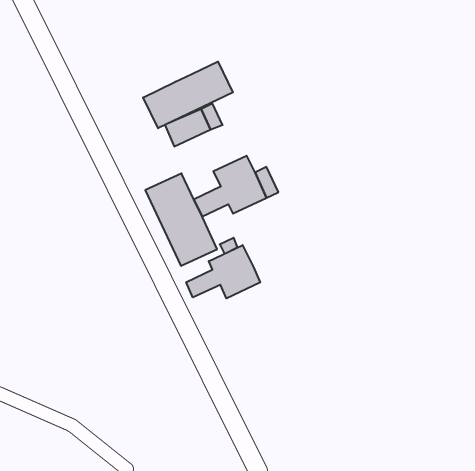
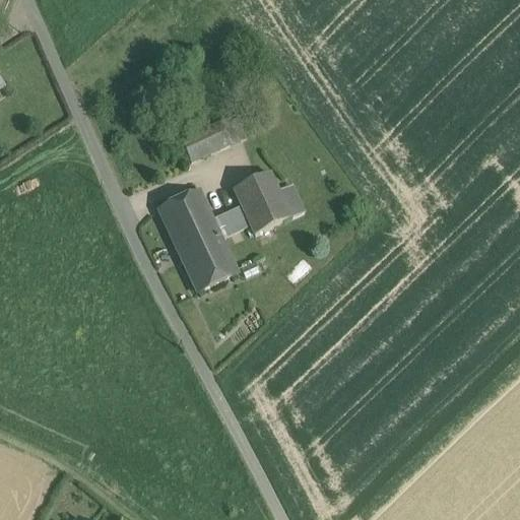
building: [143,62,233,128] -> none
building: [186,245,260,298] -> none

